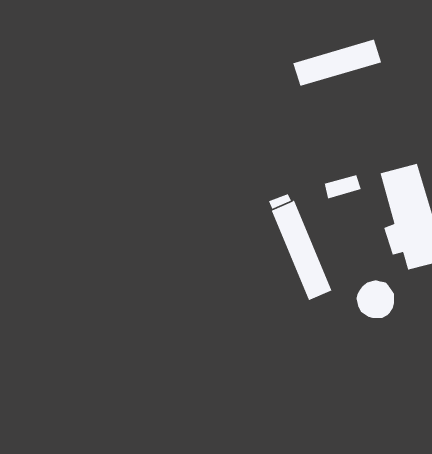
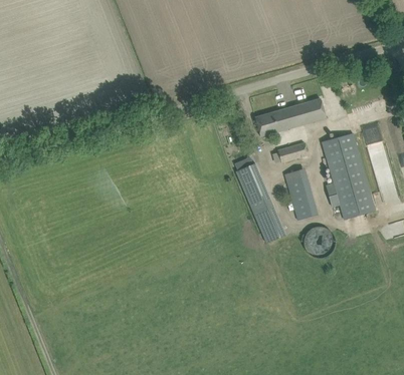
building: [292,39,382,87] -> [254,98,326,136]
building: none -> [286,176,320,227]

